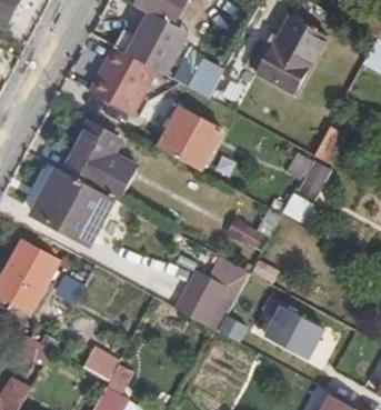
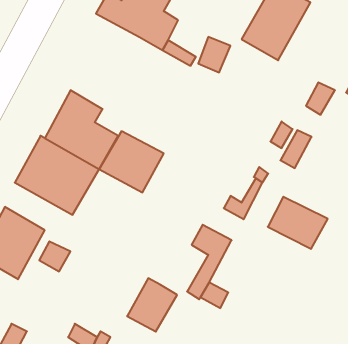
building: [88,44,156,114] -> none
building: [157,108,221,169] -> [99,131,164,192]
building: [174,269,224,322] -> [127,278,177,332]
building: [264,304,324,357] -> [268,197,328,249]

